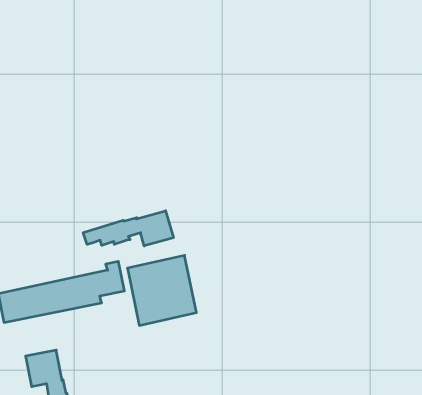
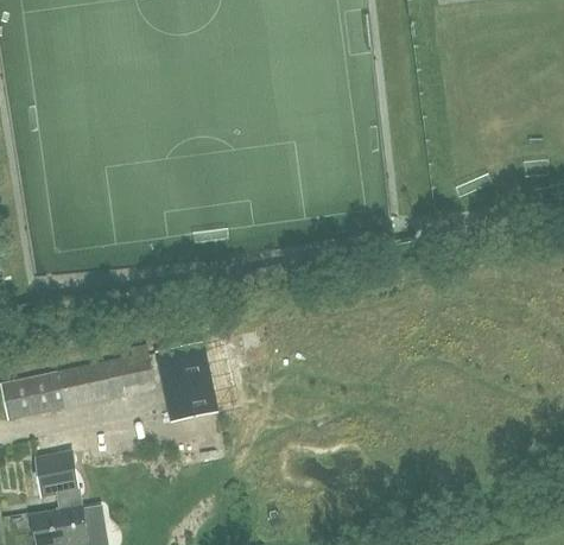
building: [83,211,173,246] -> none

